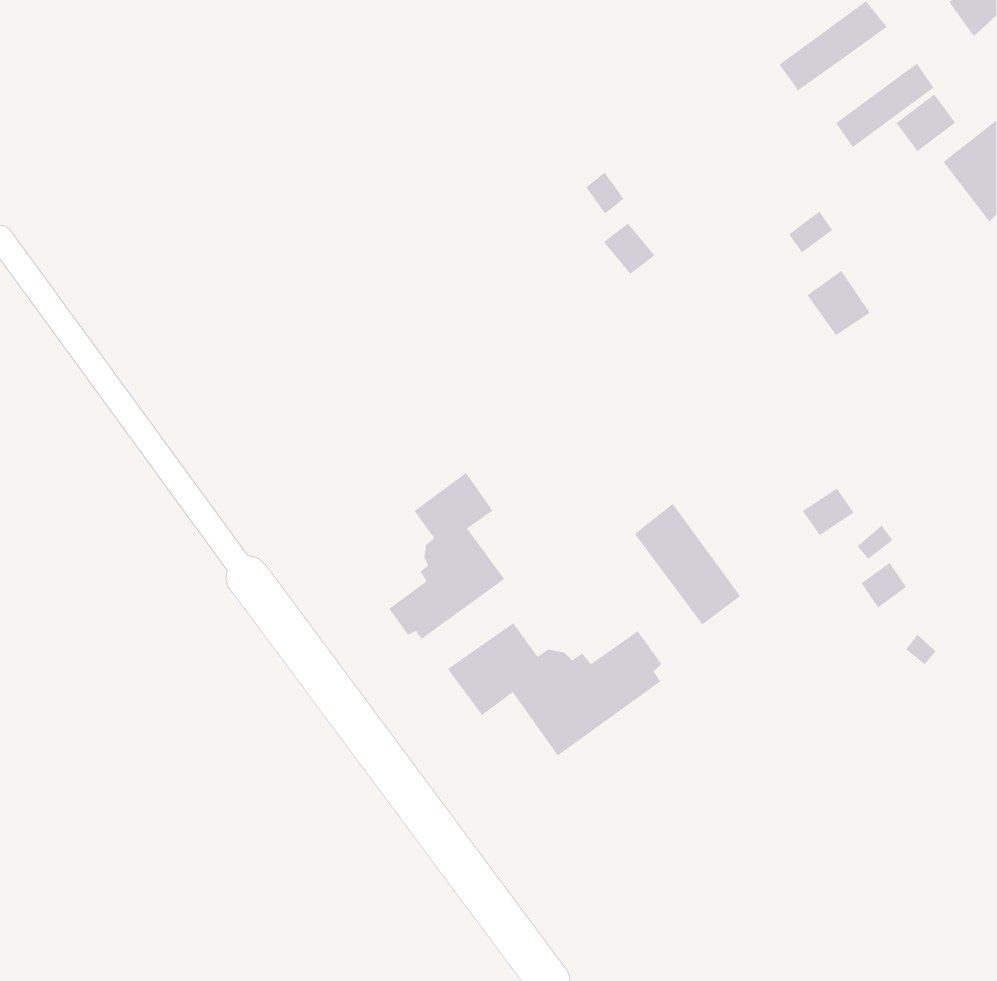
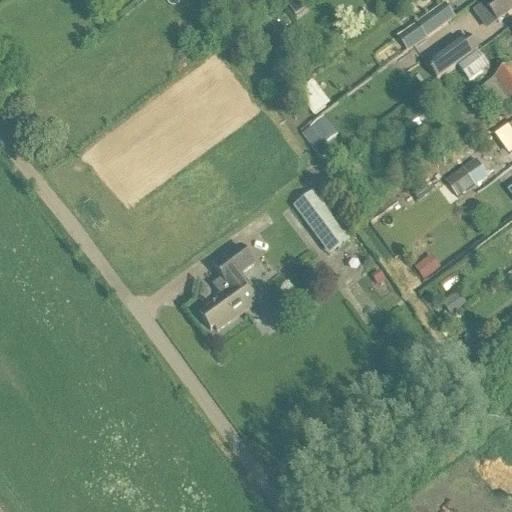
building: [807,270,871,336] -> [446,165,479,199]
building: [634,503,741,626] -> [293,188,348,251]
building: [447,622,662,756] -> none

